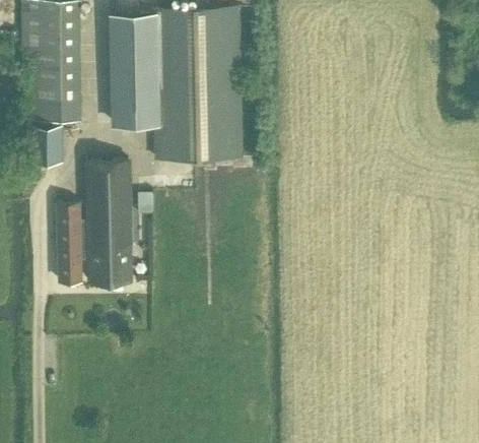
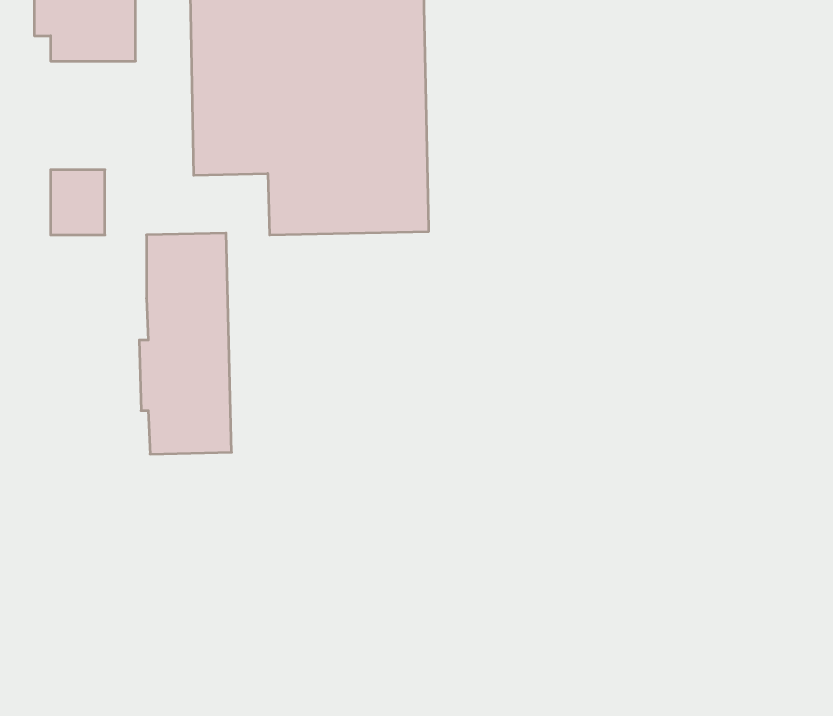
building: [31,64,80,122] -> none
building: [56,203,83,284] -> none

